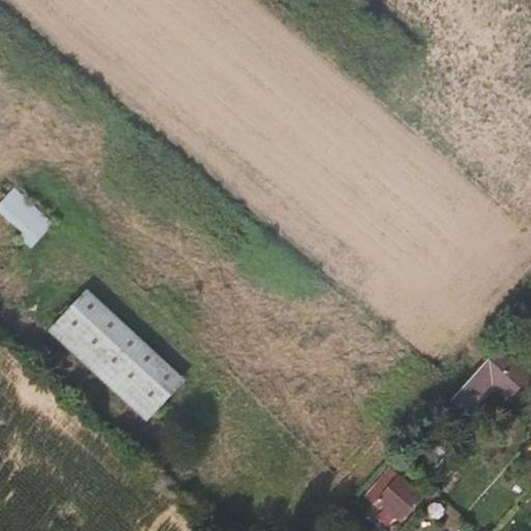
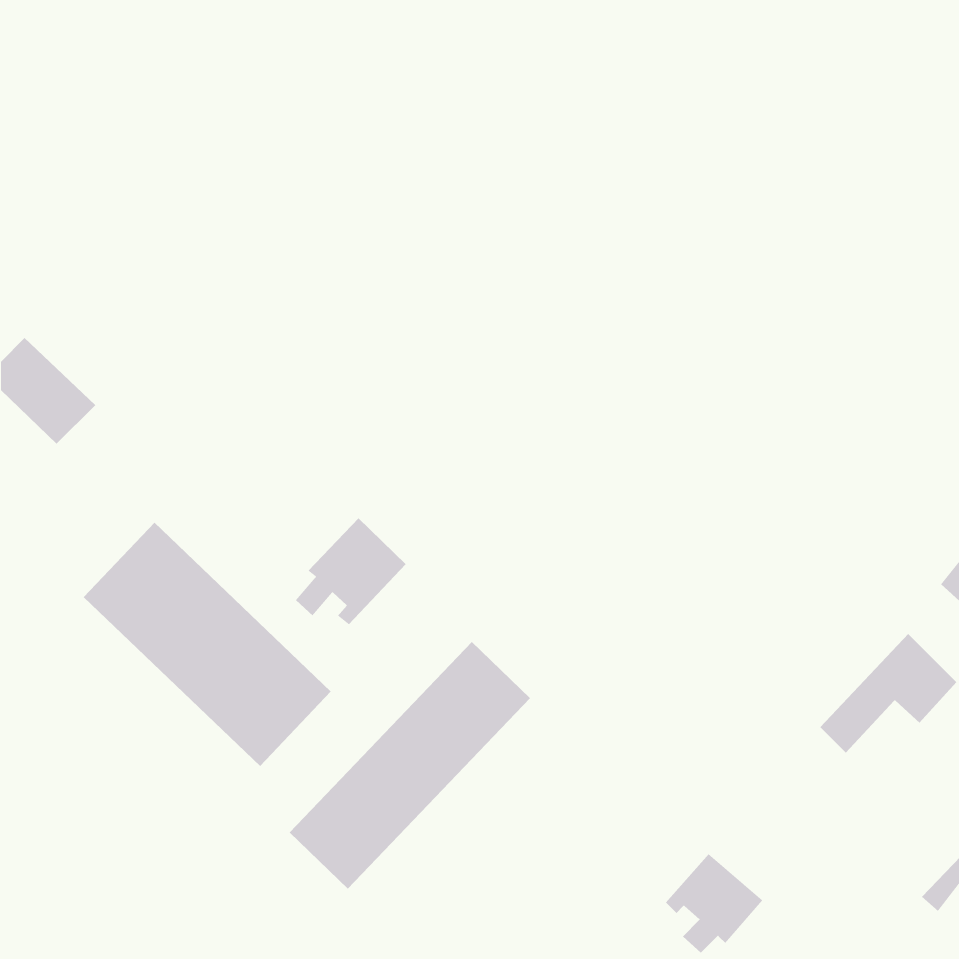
building: none -> [295,517,407,625]
building: none -> [289,641,531,889]

